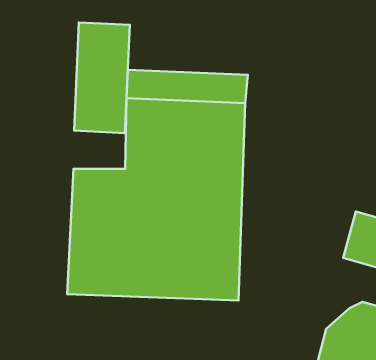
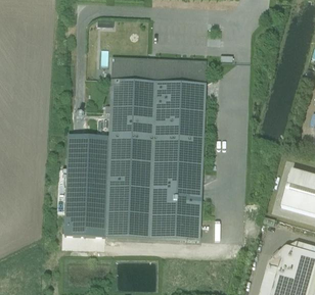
building: [74,22,130,133] -> none

